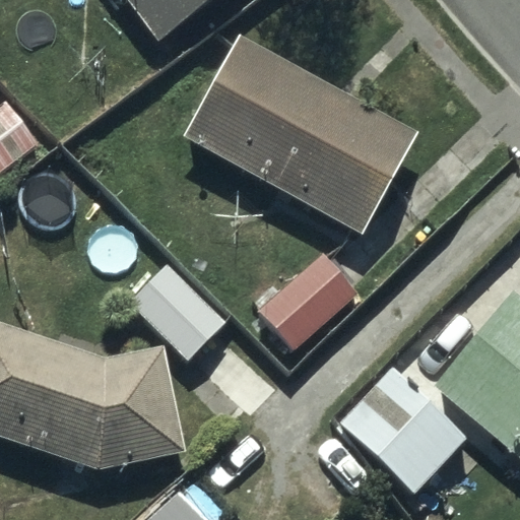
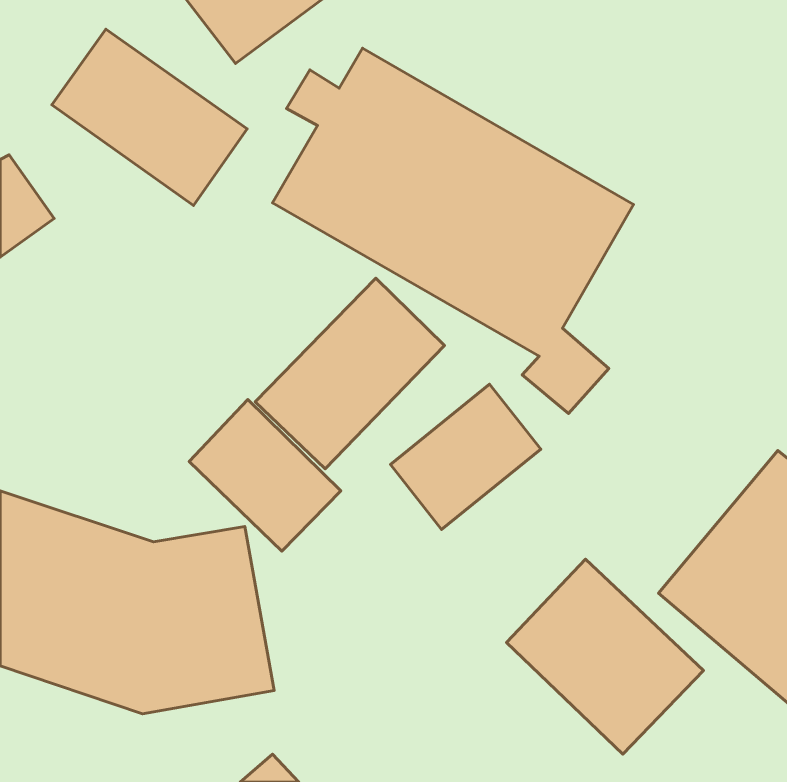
building: none -> [52,29,247,206]
building: none -> [255,278,444,469]

